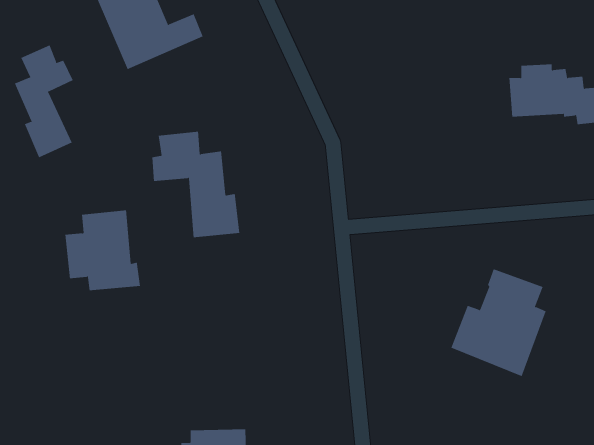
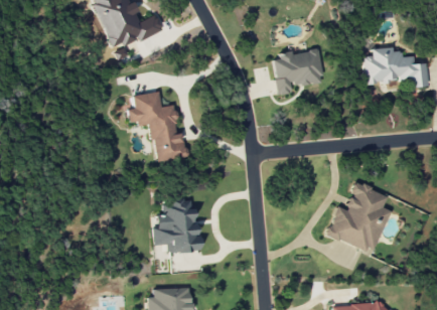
building: [14,45,73,158] -> none
building: none -> [273,49,324,95]
building: [64,210,141,291] -> [152,200,202,254]

